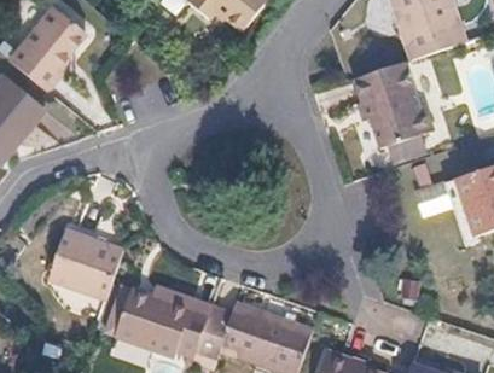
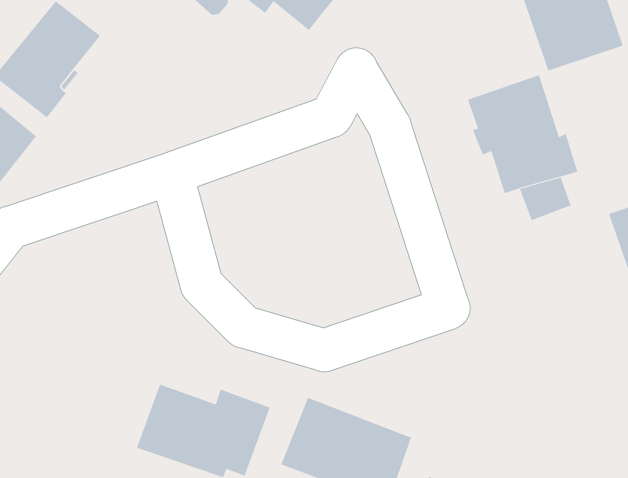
building: [50,226,124,297] -> none

